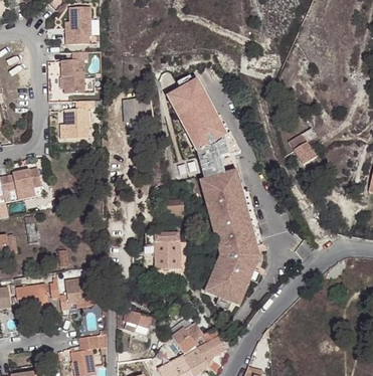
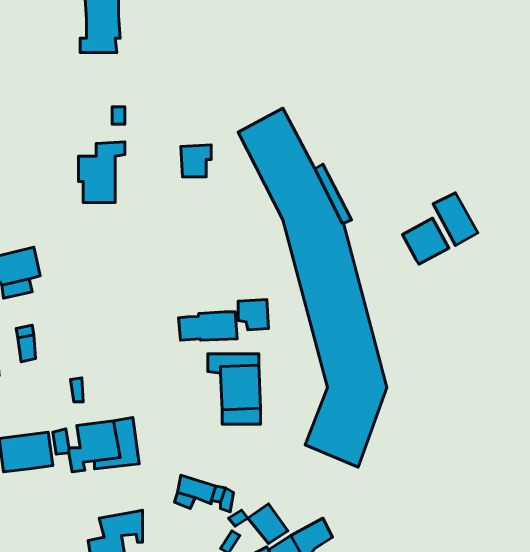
building: [60,51,86,93] -> none
building: none -> [403,218,449,264]
building: none -> [179,312,237,340]
building: [184,324,218,349] -> none

